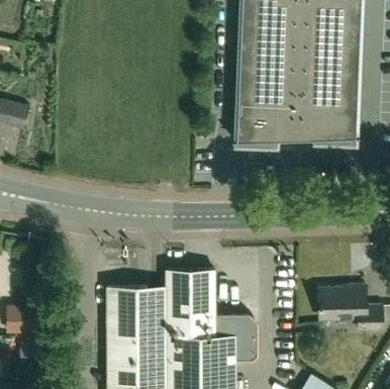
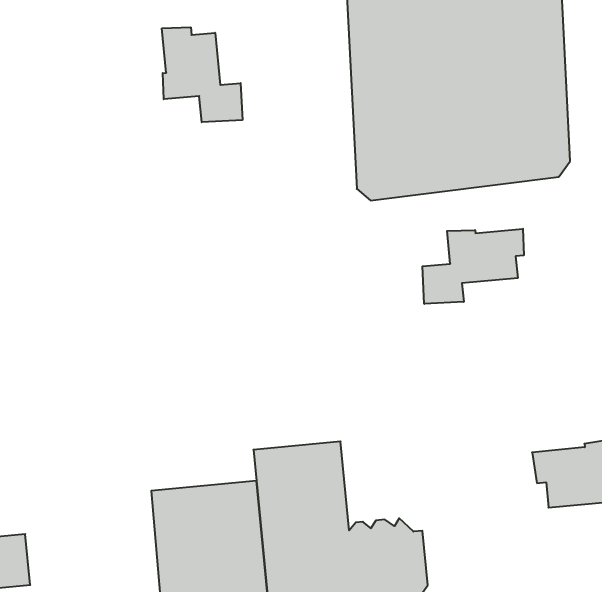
building: none -> [162,27,242,122]
building: none -> [422,229,524,304]

